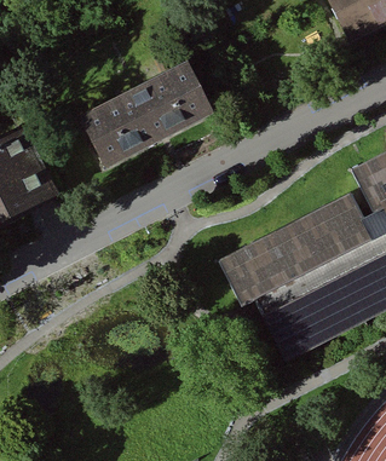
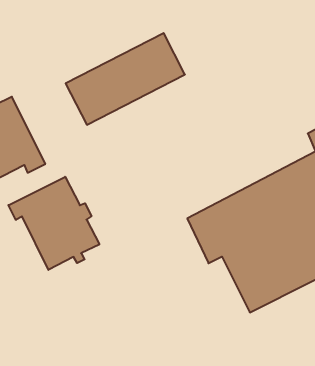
building: none -> [8,177,99,270]

